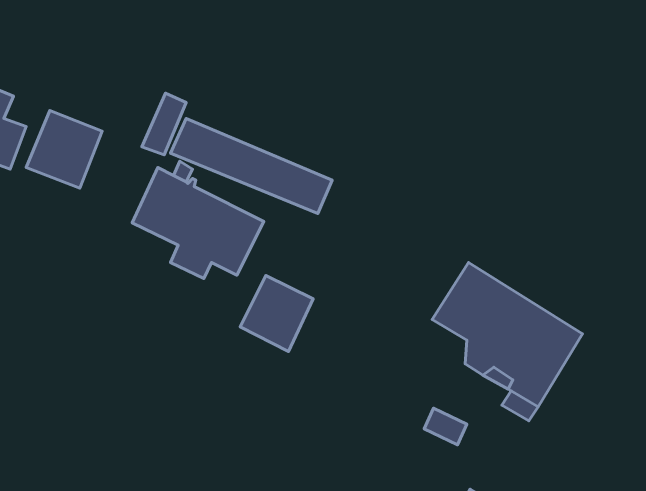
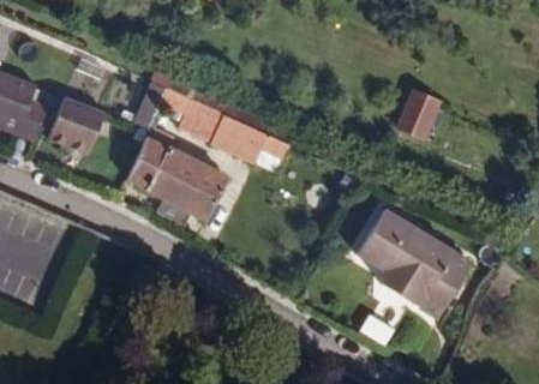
building: none -> [401,89,443,136]
building: [240,275,313,352] -> none

